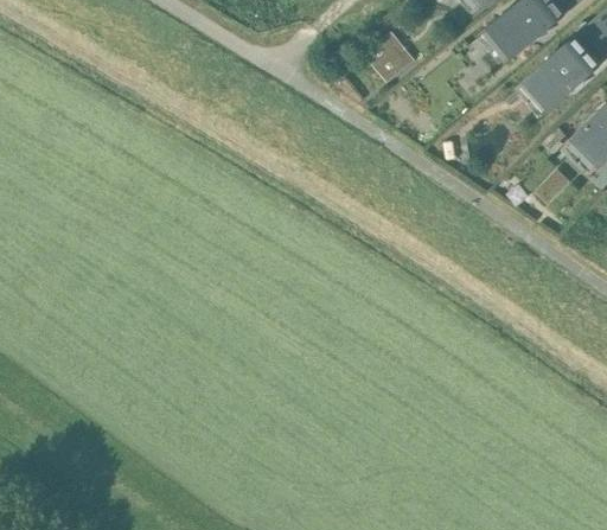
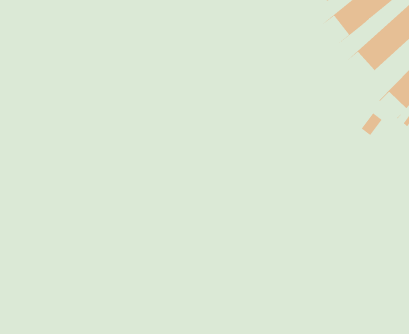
building: [360,30,414,83] -> none

